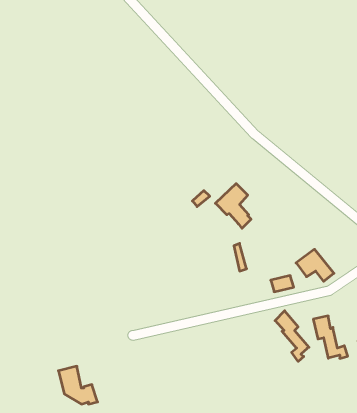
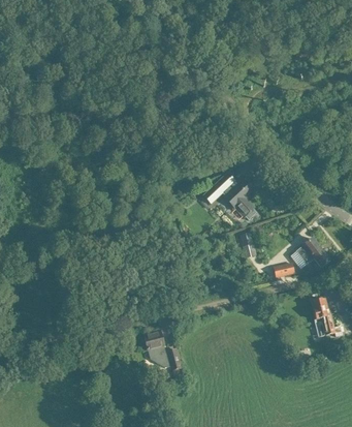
building: [275,311,309,361] -> none
building: [58,366,98,404] -> [143,334,179,368]

